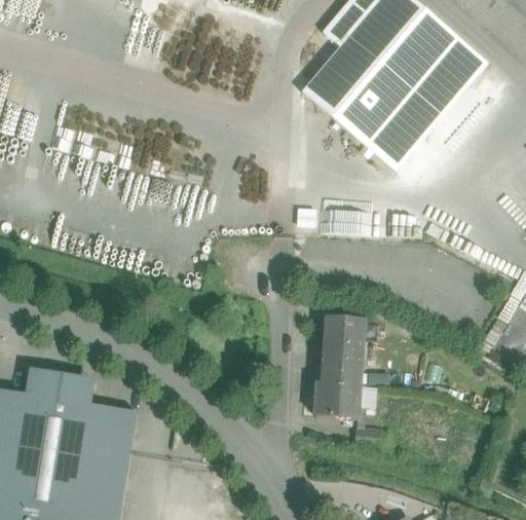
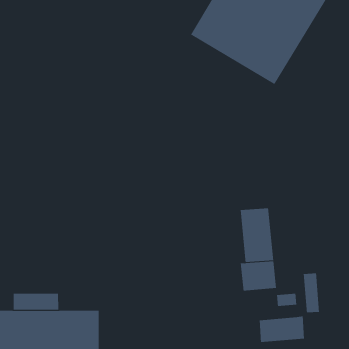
building: none -> [303,273,320,313]
building: none -> [259,315,305,343]

